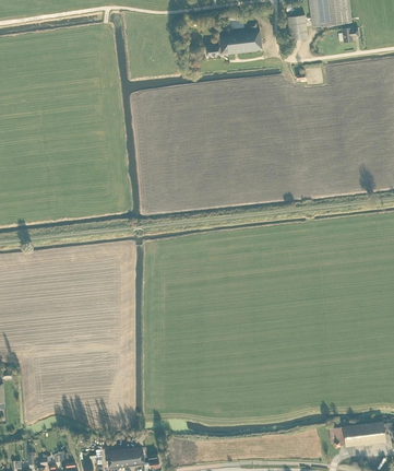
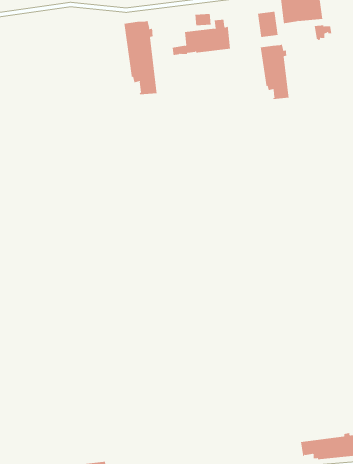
building: none -> [124,20,157,95]
building: none -> [260,44,289,100]

